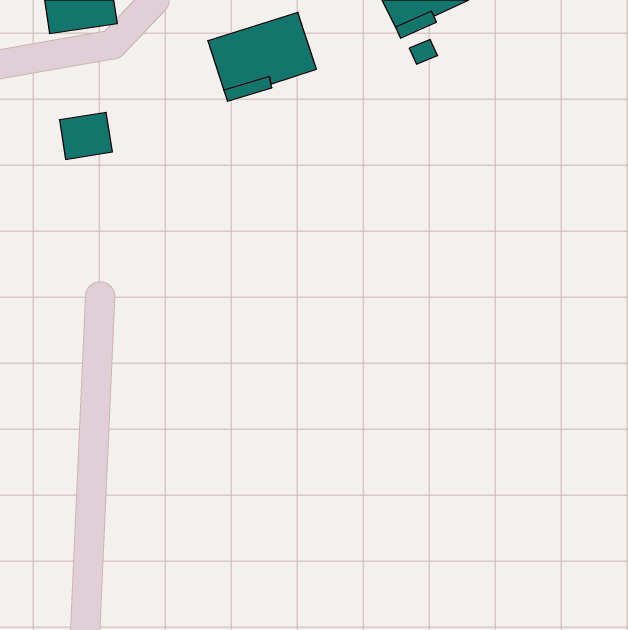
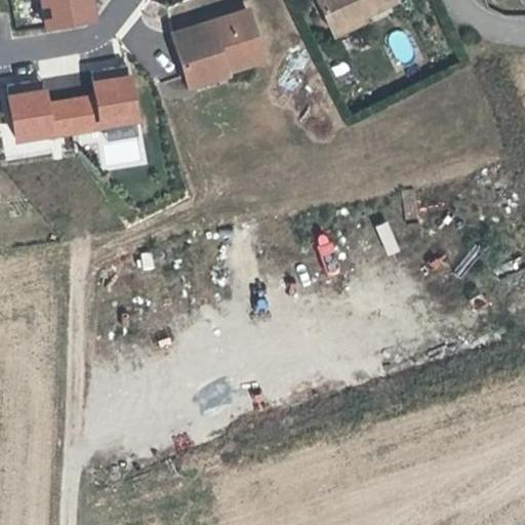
building: none -> [88,71,138,127]
building: none -> [8,85,57,140]

